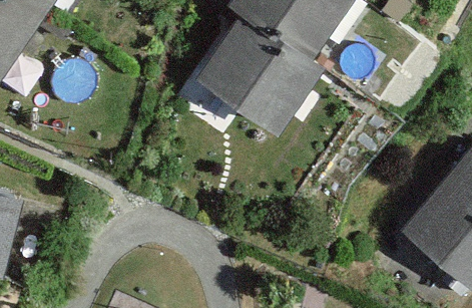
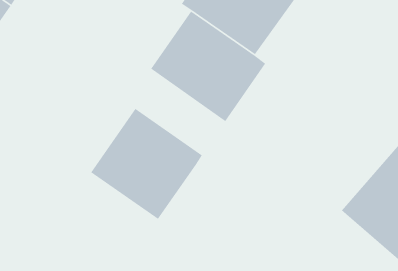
building: none -> [90,108,203,220]

